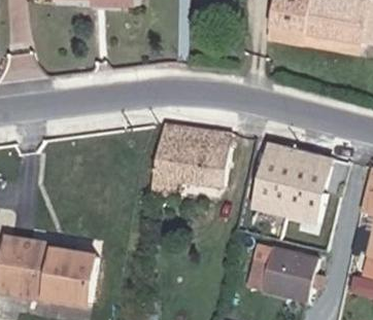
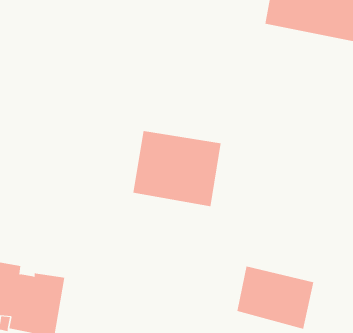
building: [247,141,328,222] -> none

